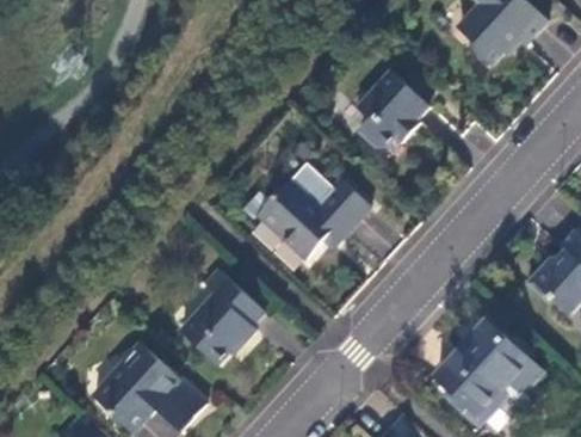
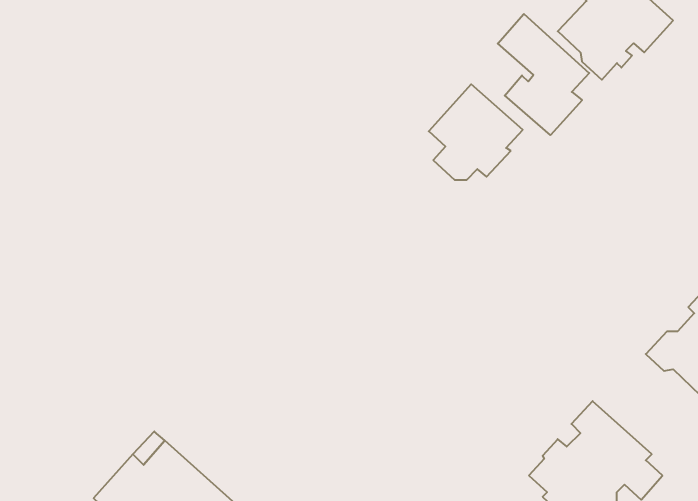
building: none -> [498,14,589,135]
building: [258,162,370,259] -> none
building: [180,269,265,365] -> none

